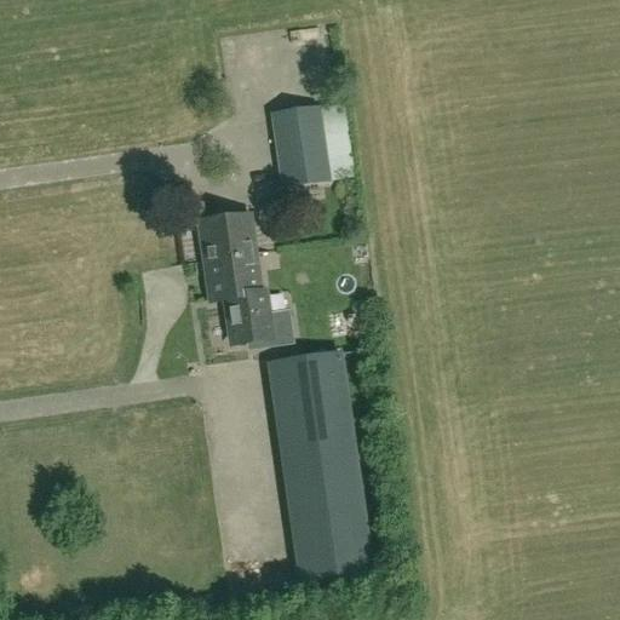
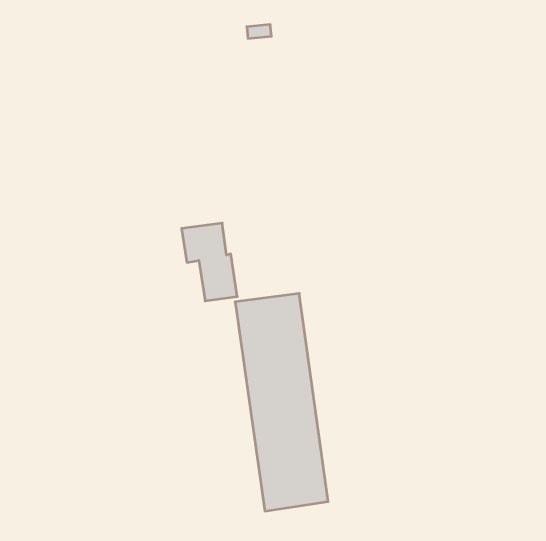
building: [270,101,356,184] -> none
building: [200,213,252,259] -> none

